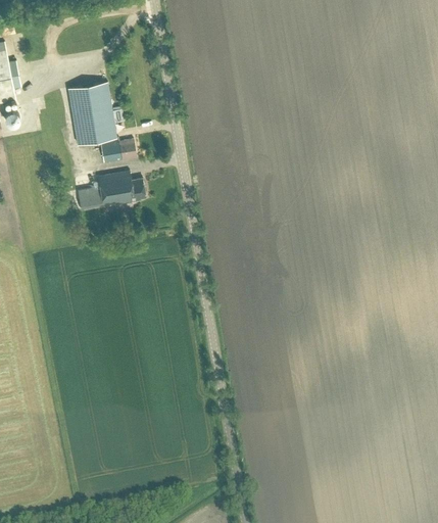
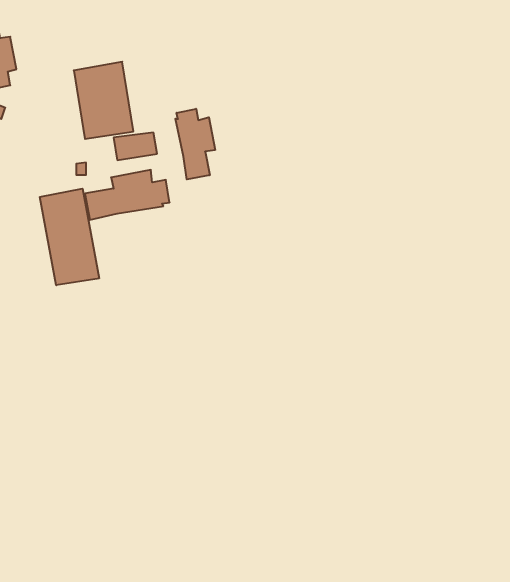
building: none -> [175,109,215,179]
building: none -> [40,189,99,285]

